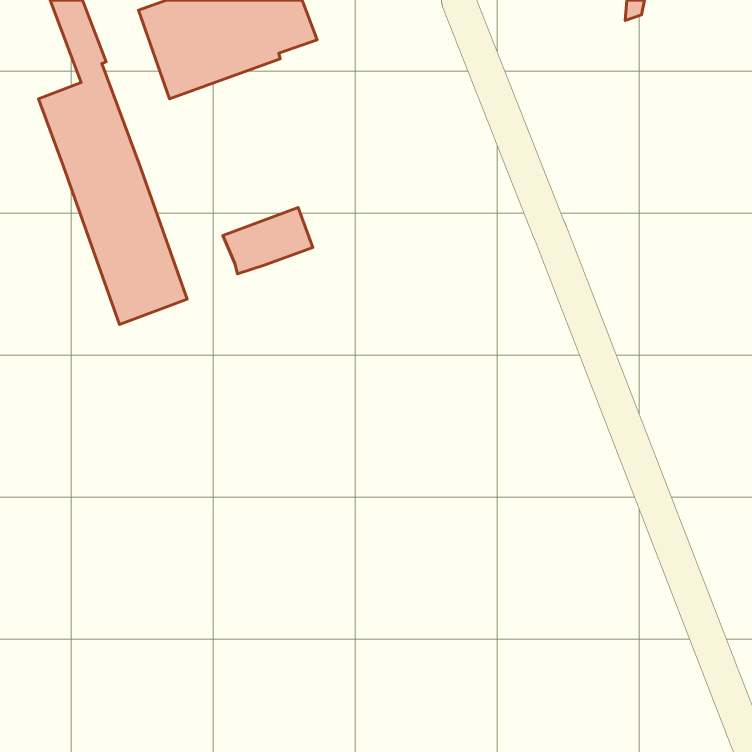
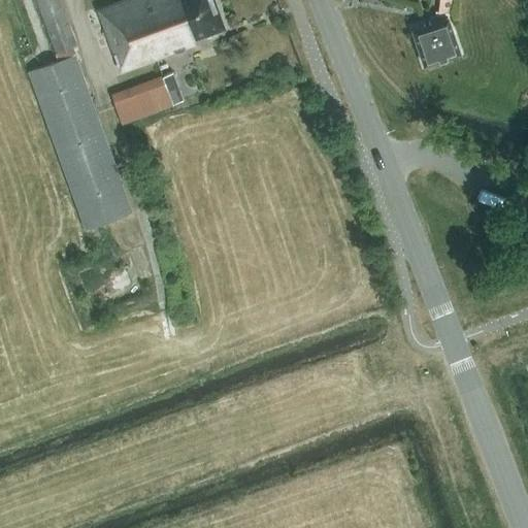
building: none -> [412,18,460,65]
building: [223,208,313,274] -> [110,77,173,124]

